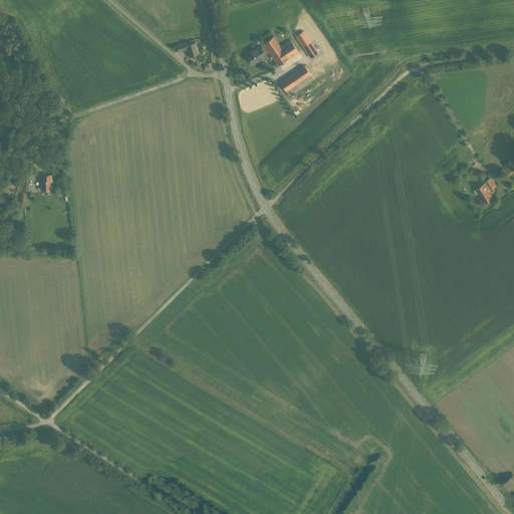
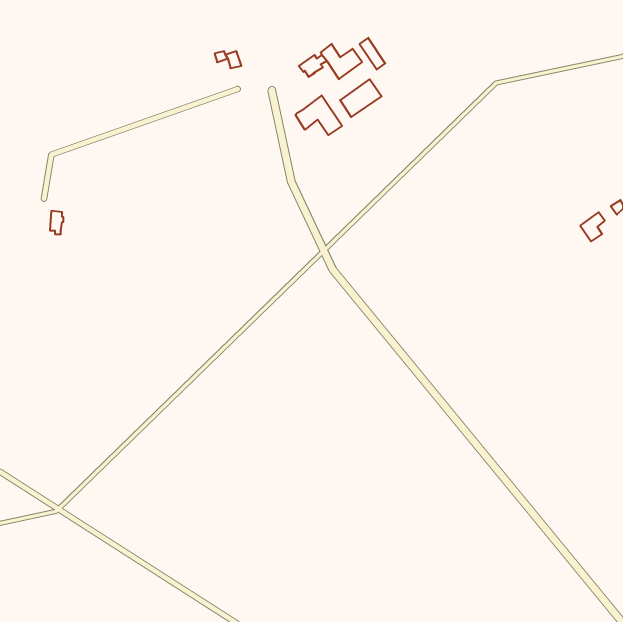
building: none -> [295,95,342,135]

